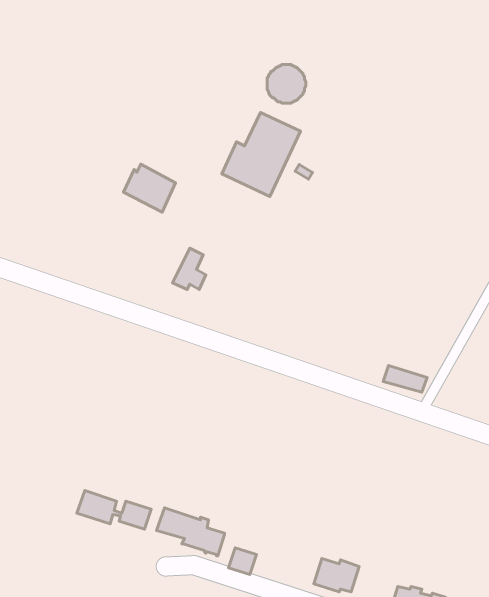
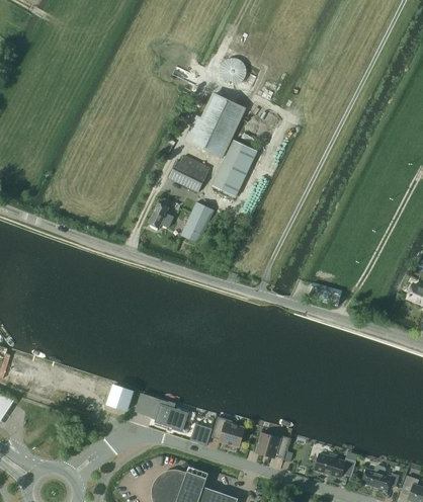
building: [123,164,175,212] -> [169,156,208,192]
building: none -> [211,140,257,196]
building: none -> [181,201,214,243]
building: none -> [211,416,244,446]

